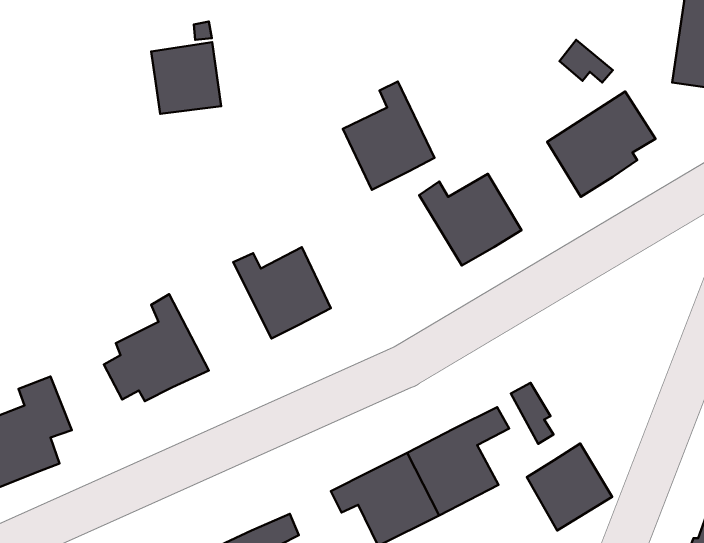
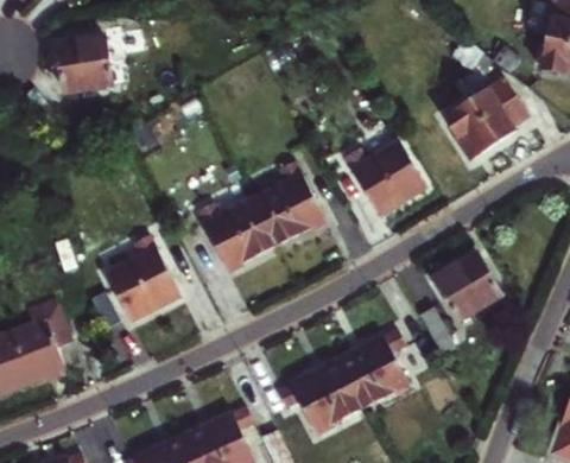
building: [151,42,221,114] -> [63,34,118,90]
building: [343,82,434,190] -> [253,161,324,246]
building: [527,443,612,530] -> [435,250,501,318]

